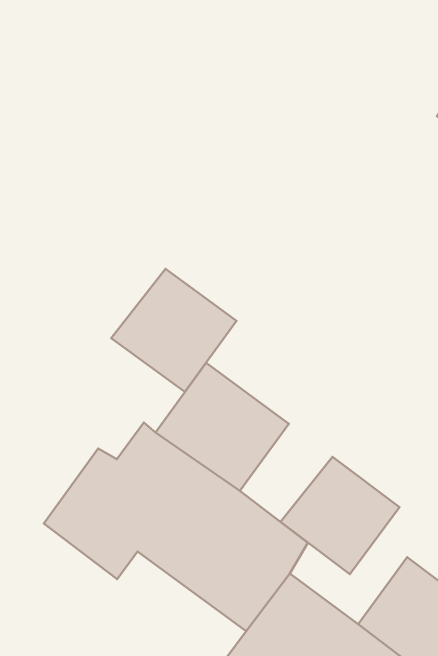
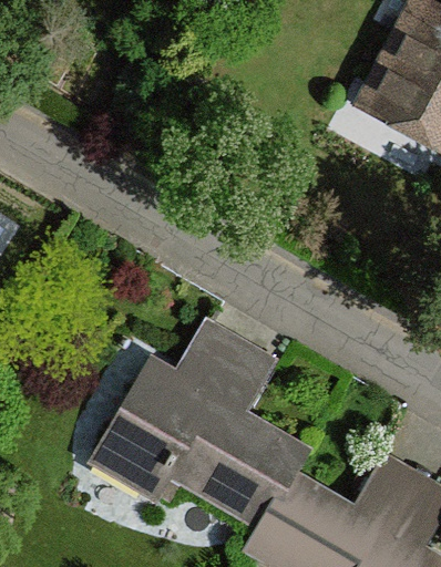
building: [111,269,236,392] -> none
building: [280,457,400,574] -> none

